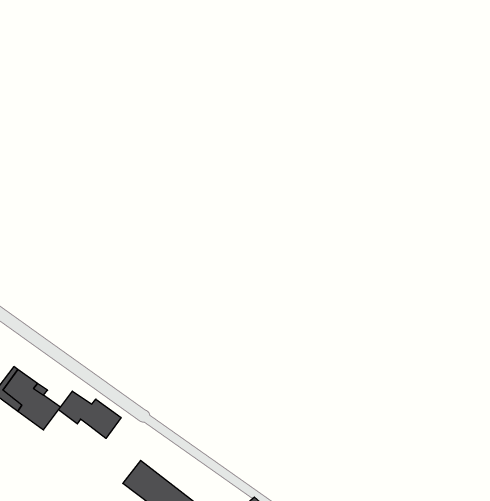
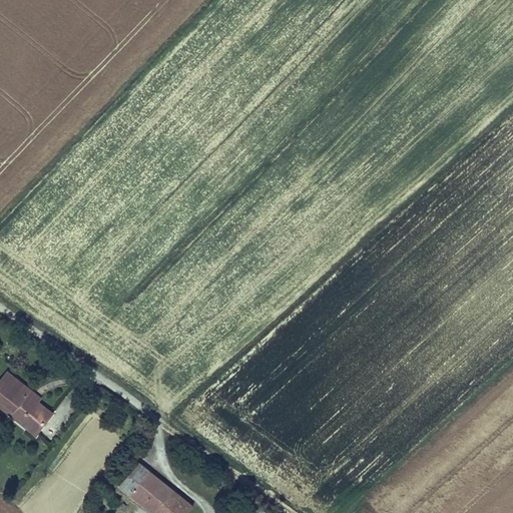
building: [58,391,121,438] -> none

